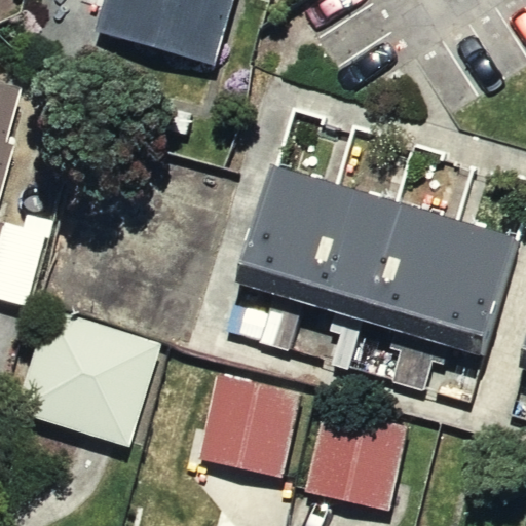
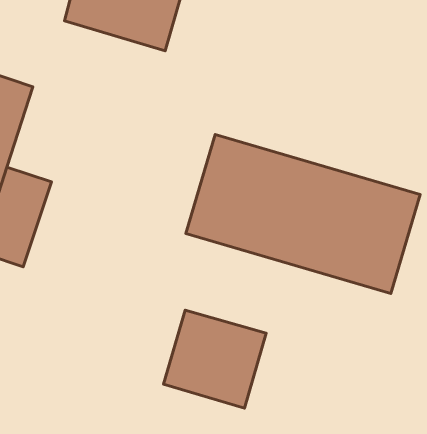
building: [14,305,177,459] -> none
building: [292,398,413,514] -> none

